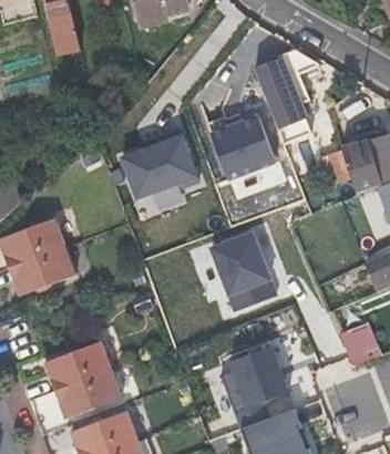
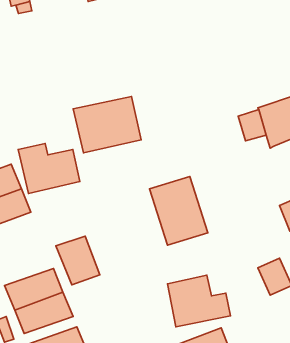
building: [258,66,307,133] -> none
building: [206,107,279,178] -> none
building: none -> [18,144,80,194]
building: none -> [56,236,100,285]

